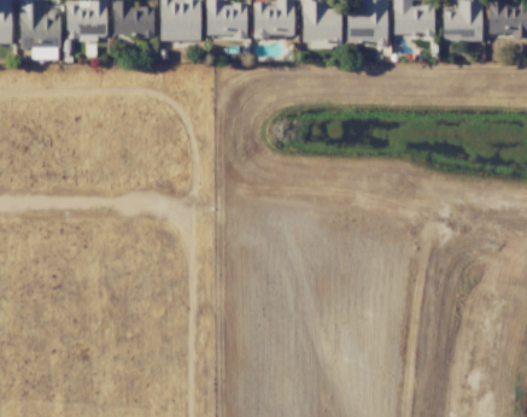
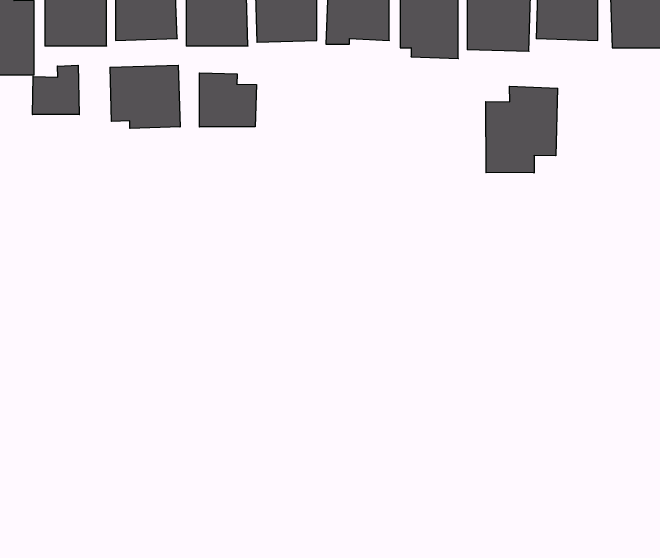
building: none -> [110,65,180,128]
building: none -> [33,65,79,115]
building: none -> [199,73,256,127]
building: none -> [486,86,558,173]

